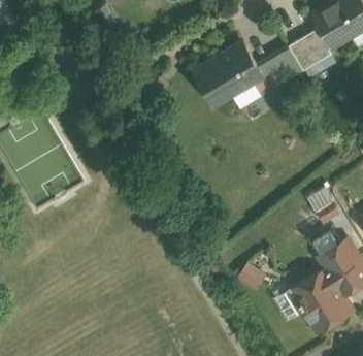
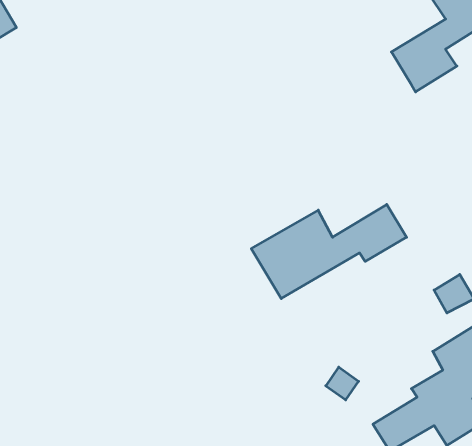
building: [188,40,300,108] -> [251,204,407,299]

